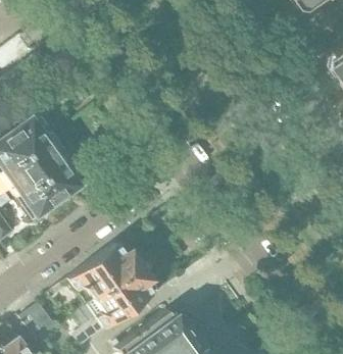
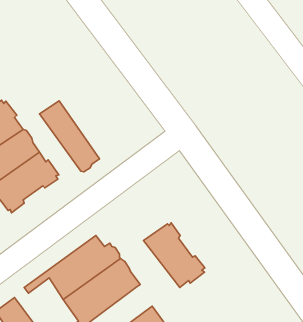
building: none -> [39,101,99,172]
building: none -> [143,223,205,287]

